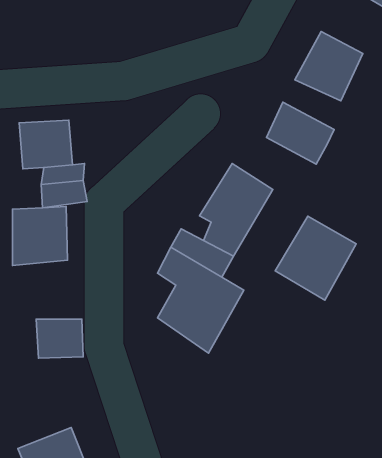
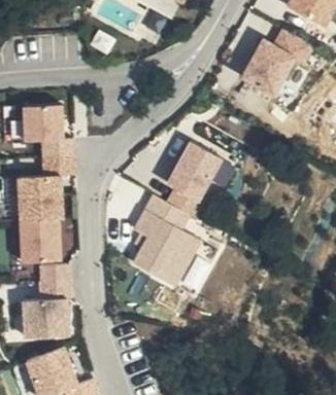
building: [266,102,334,164] -> none
building: [275,216,356,300] -> none
building: none -> [19,217,62,264]
building: none -> [24,298,70,342]

